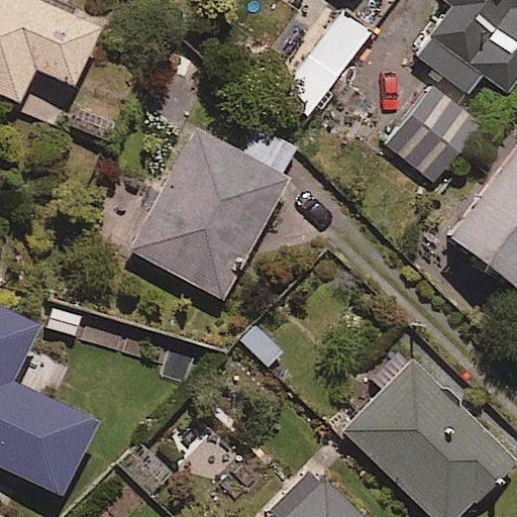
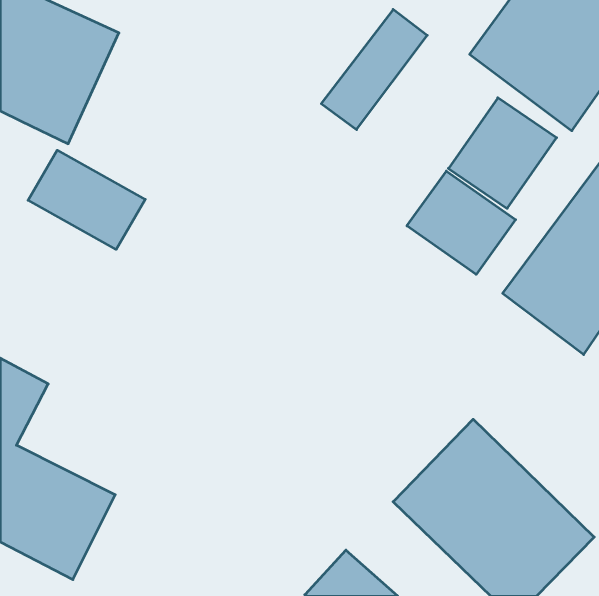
building: none -> [28,150,145,249]
building: [134,129,293,299] -> none
building: none -> [407,171,516,274]

